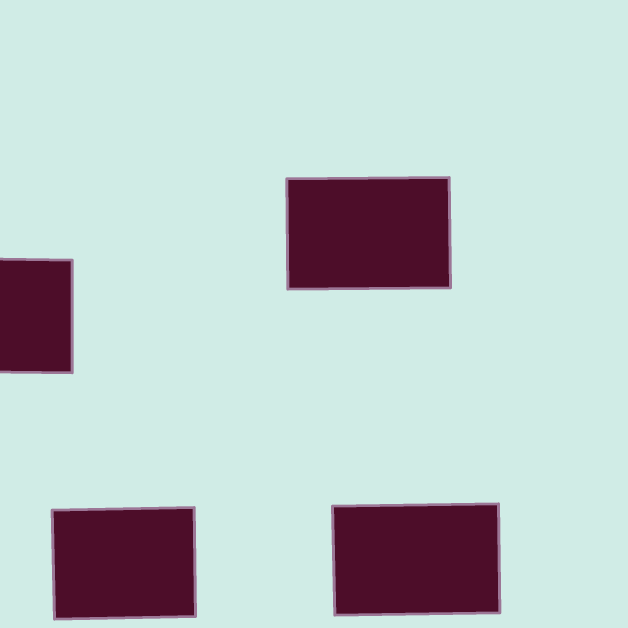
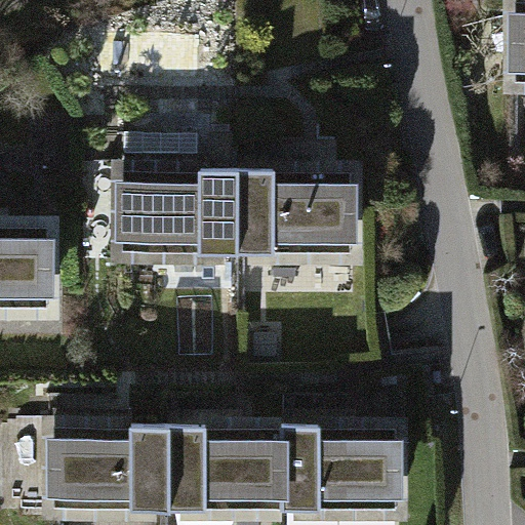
building: none -> [118,161,233,252]
building: none -> [157,426,271,515]

